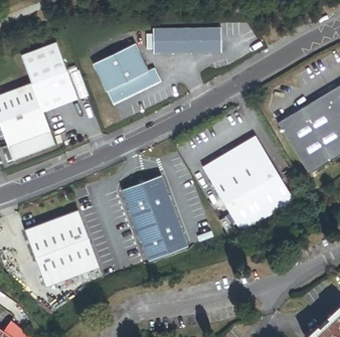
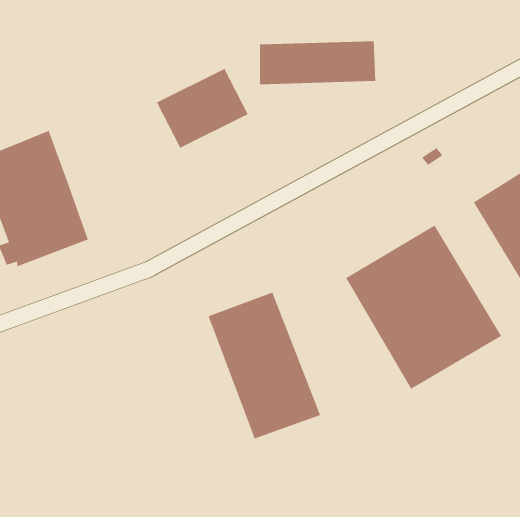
building: [20,41,77,111] -> none
building: [108,68,161,106] -> none
building: [26,210,101,287] -> none

